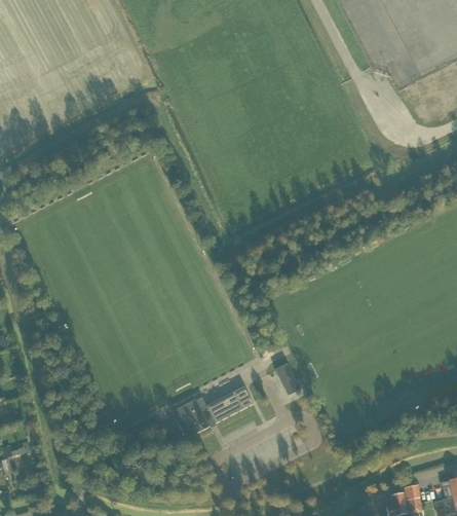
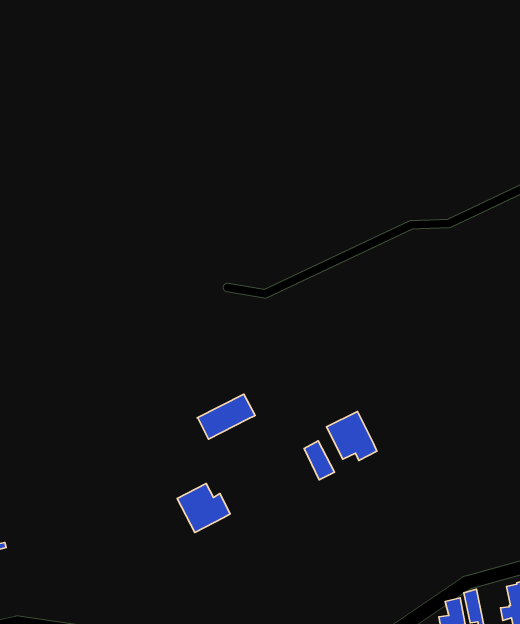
building: none -> [327,411,377,460]
building: [205,385,253,422] -> [197,394,255,439]

